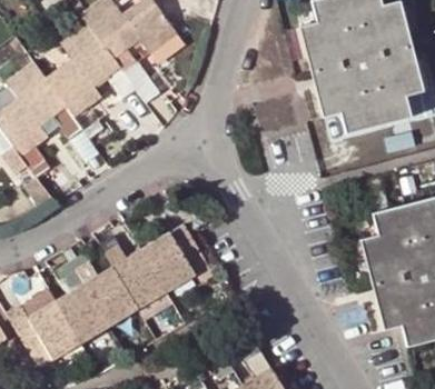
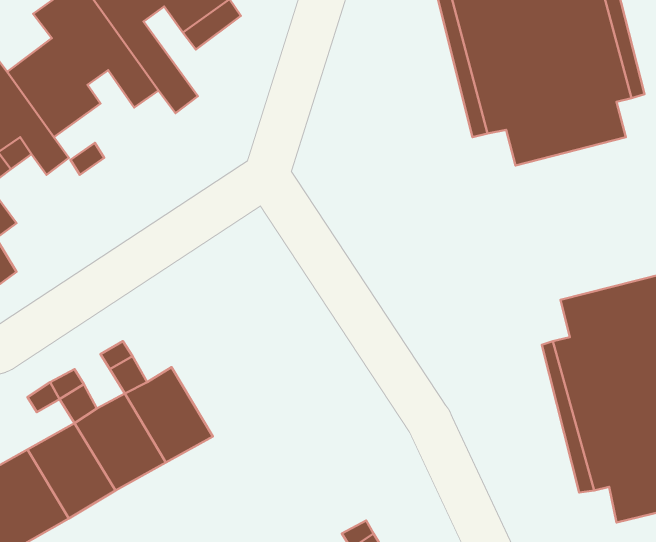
building: [142,228,206,295] -> none

